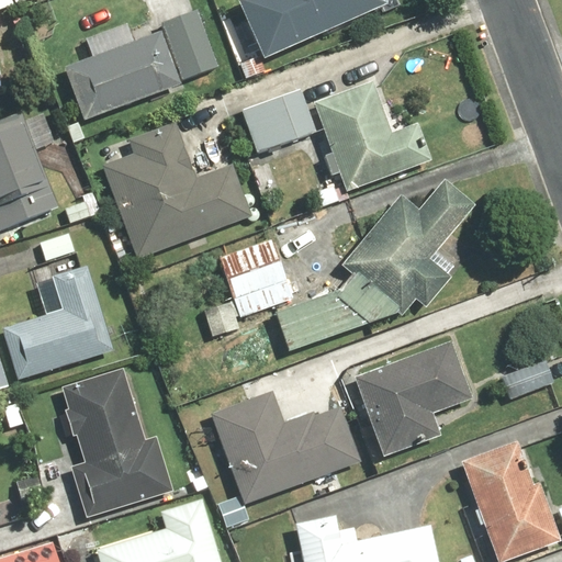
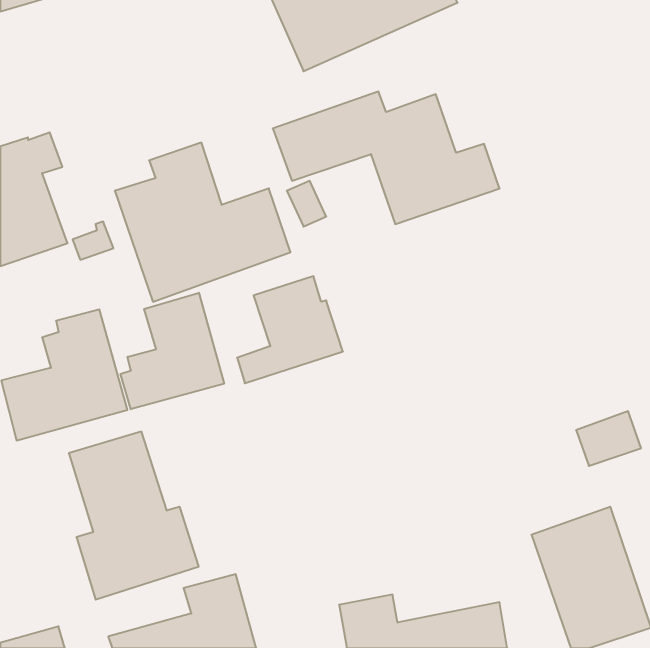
building: [61,8,221,123] -> none
building: [273,177,479,353] -> none
building: none -> [120,293,224,409]
building: [353,339,473,454] -> none
building: [212,389,376,502] -> none

